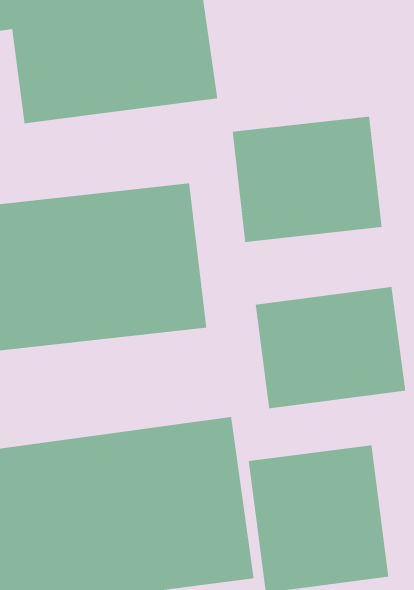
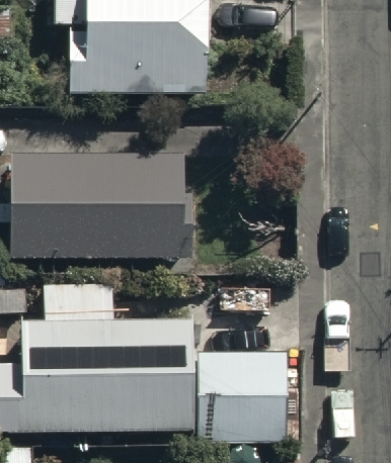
building: [232,116,382,243] -> none
building: [255,286,406,409] -> none

